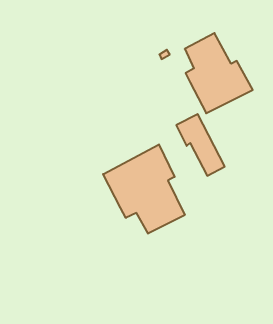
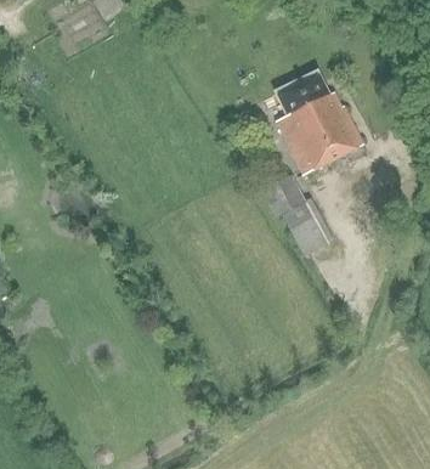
building: [103,144,185,234] -> none

